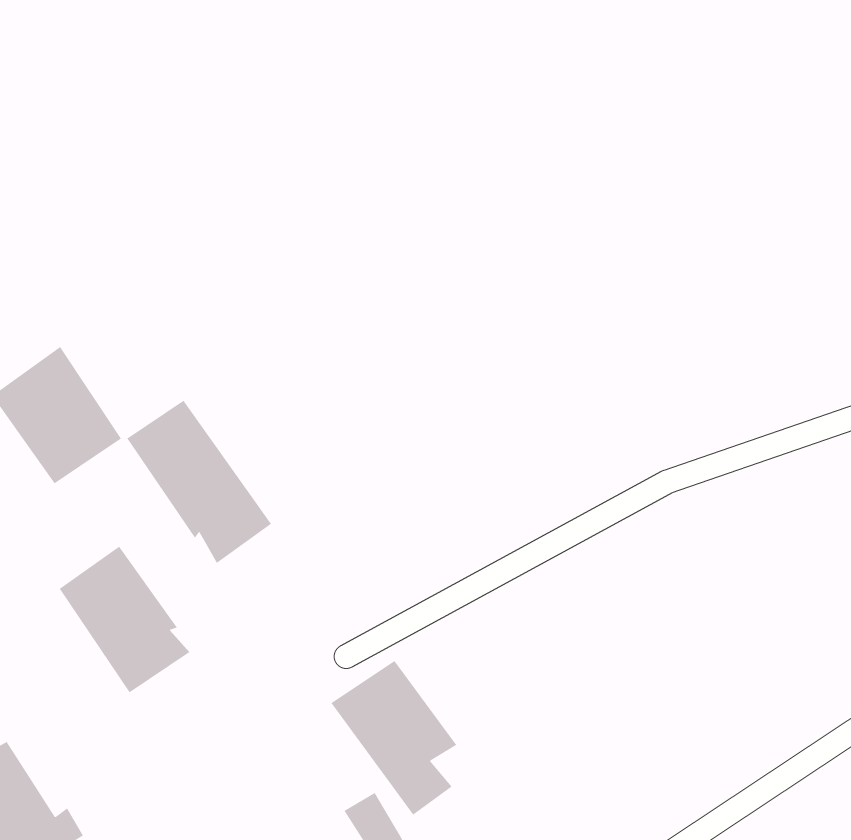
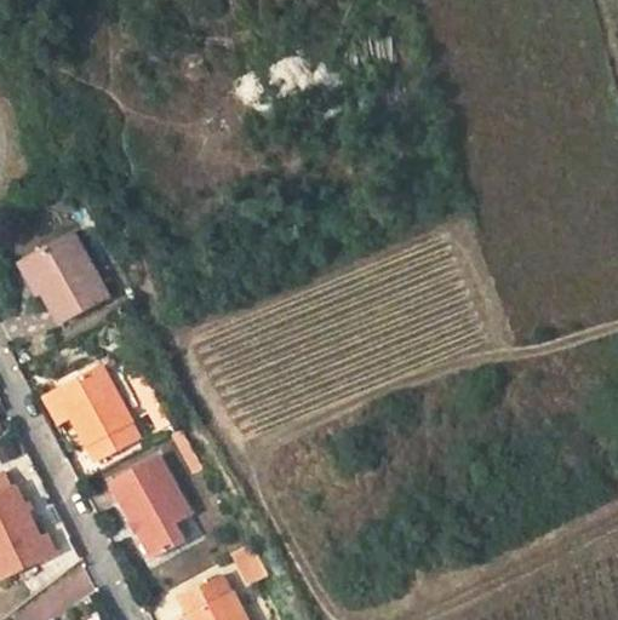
building: [126,400,272,564] -> none
building: [330,660,457,816] -> [108,458,187,559]

